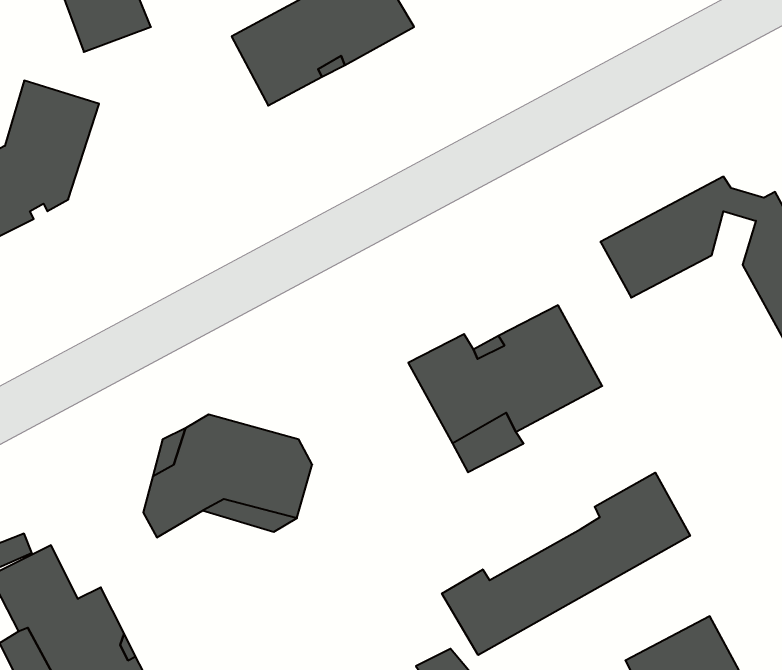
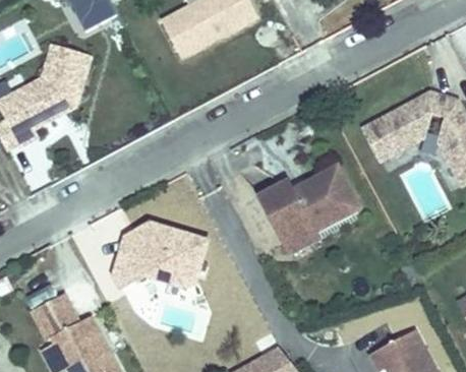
building: [442,473,690,655] -> none

